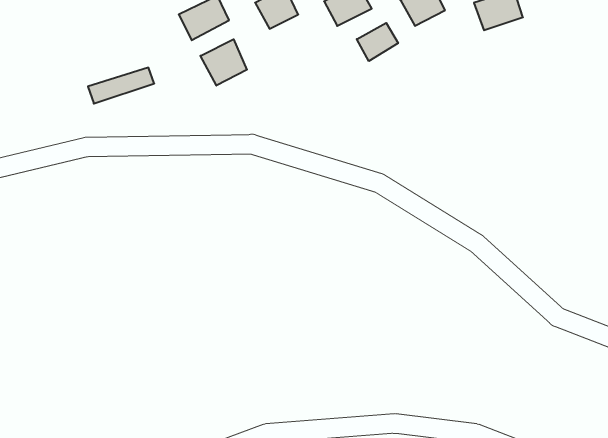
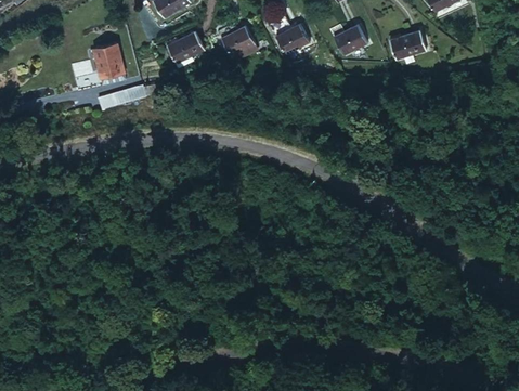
building: none -> [94,45,127,88]
building: [357,23,398,61] -> none
building: [200,39,247,86] -> none

